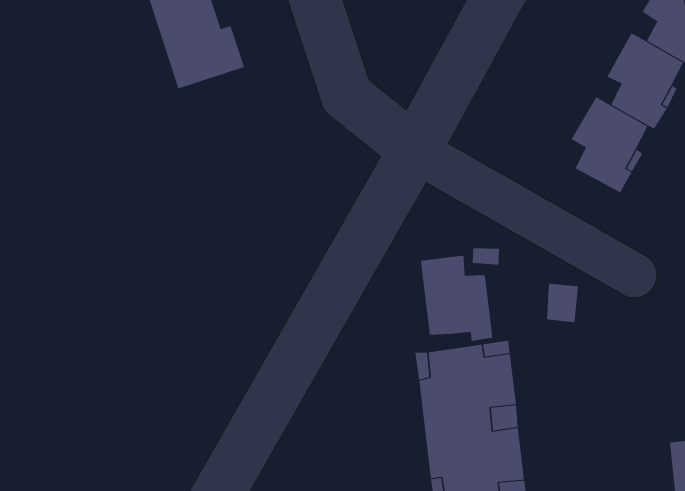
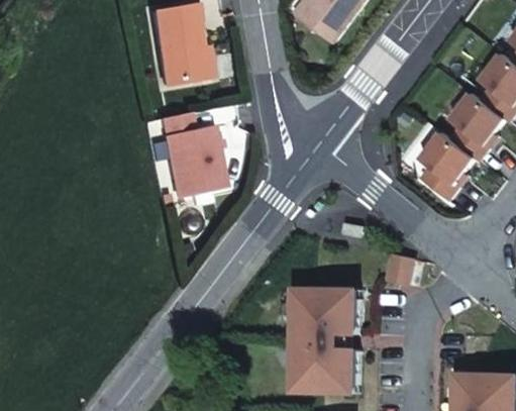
building: none -> [158,114,220,197]
building: [420,255,493,342] -> none

